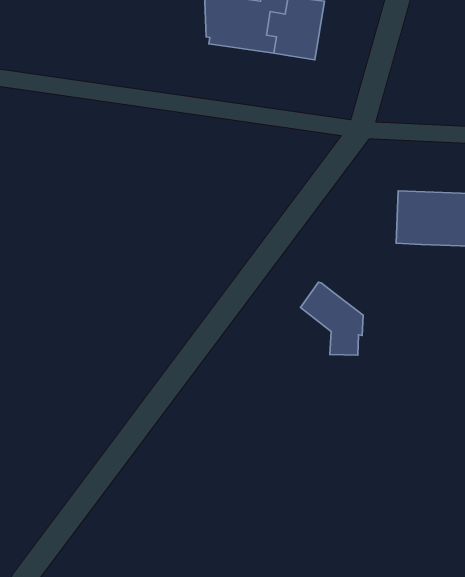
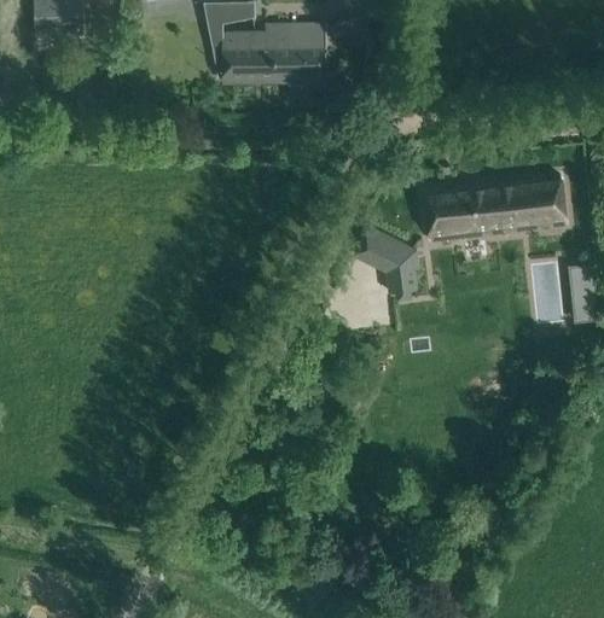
building: [300,282,363,355] -> [354,226,417,292]

